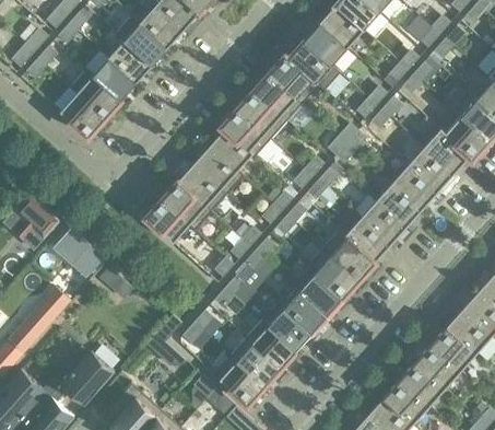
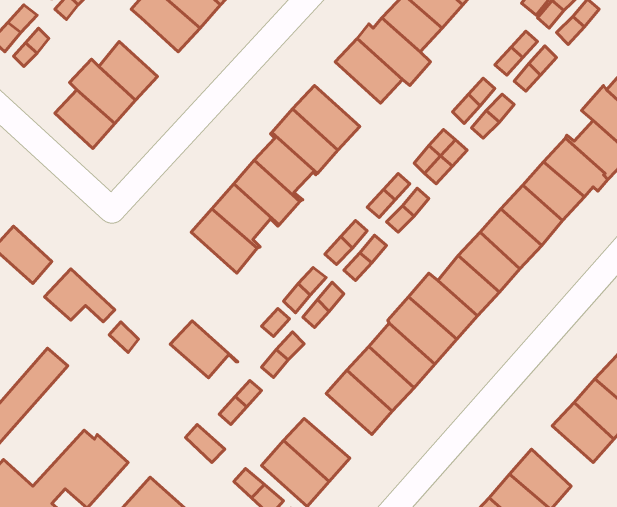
building: [107,40,151,84] -> none
building: [252,73,302,121] -> none
building: [144,200,195,243] -> [170,321,238,378]
building: [245,321,295,369] -> none
building: [414,345,460,390] -> none

